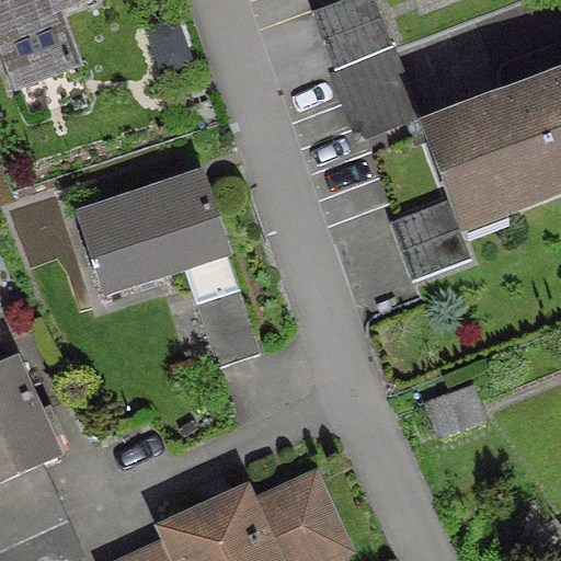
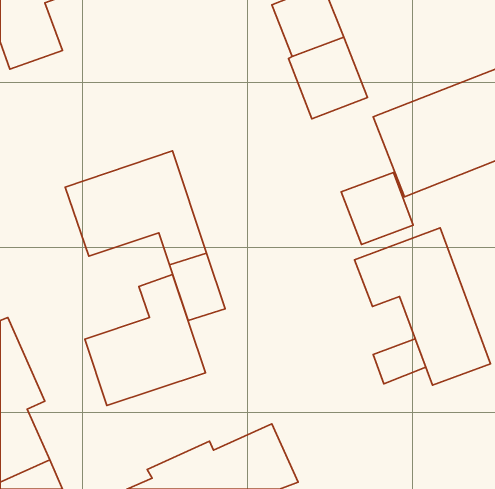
building: none -> [355,228,491,385]
building: none -> [85,275,206,406]

